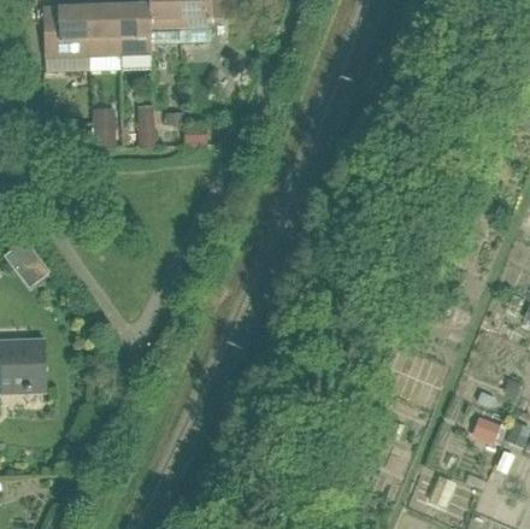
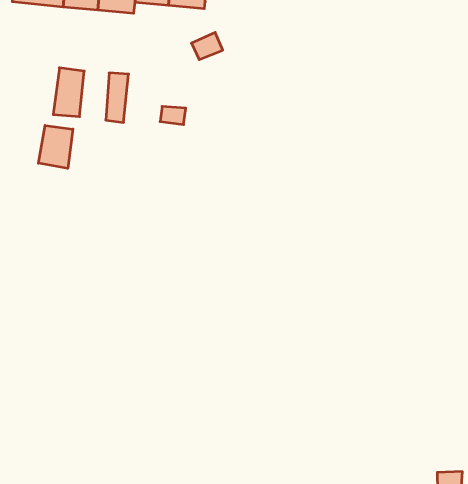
building: none -> [38,125,73,168]

